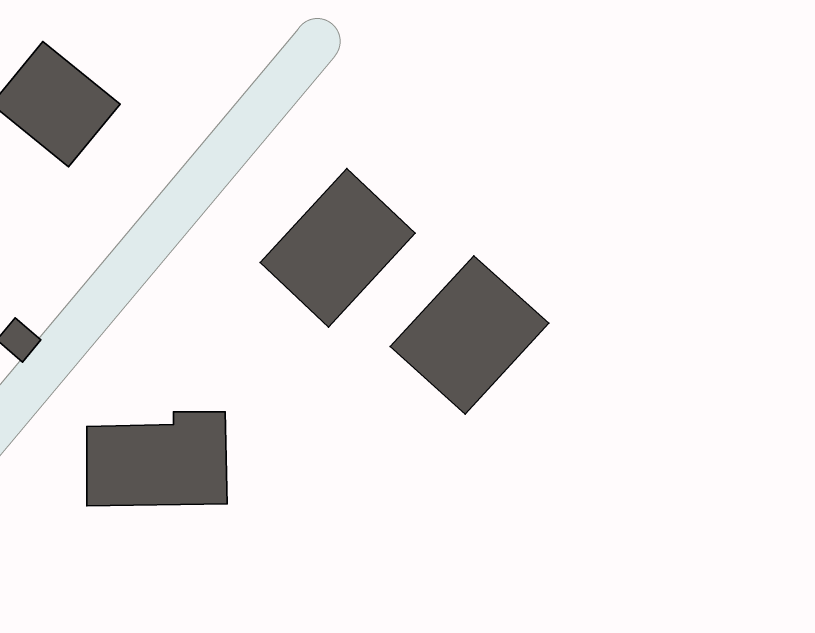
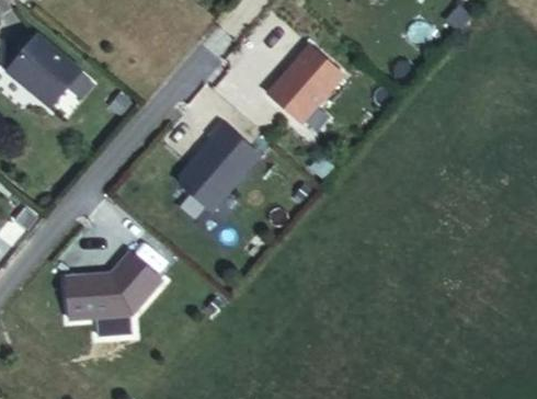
building: none -> [263,41,346,124]
building: [390,256,549,414] -> none

